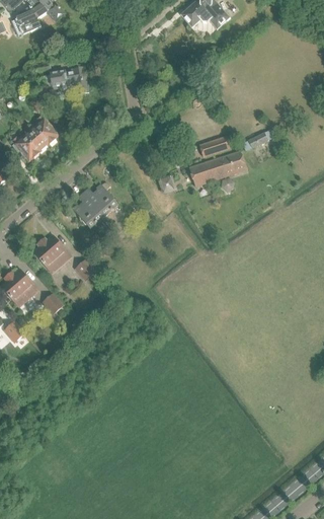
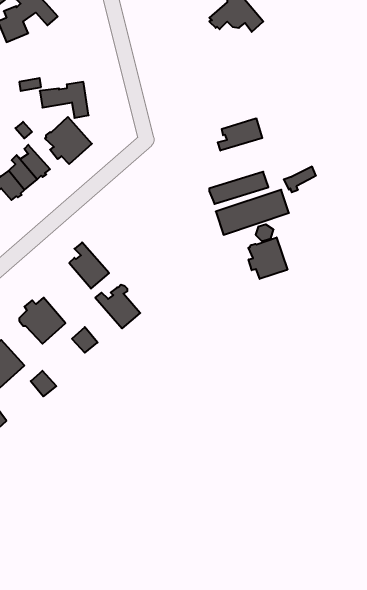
building: none -> [45,117,92,164]
building: none -> [218,118,262,151]
building: [83,181,118,216] -> [95,285,140,328]
building: none -> [248,237,287,279]

